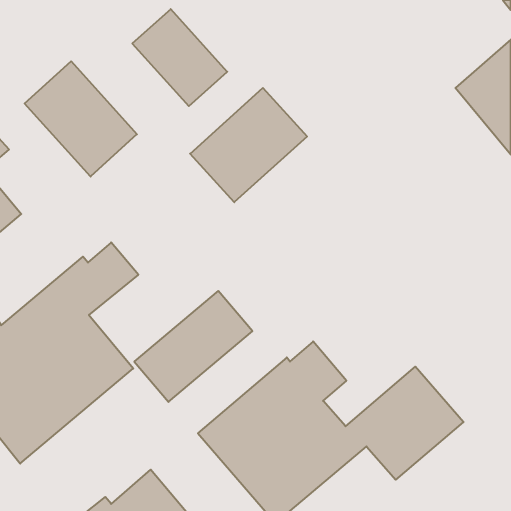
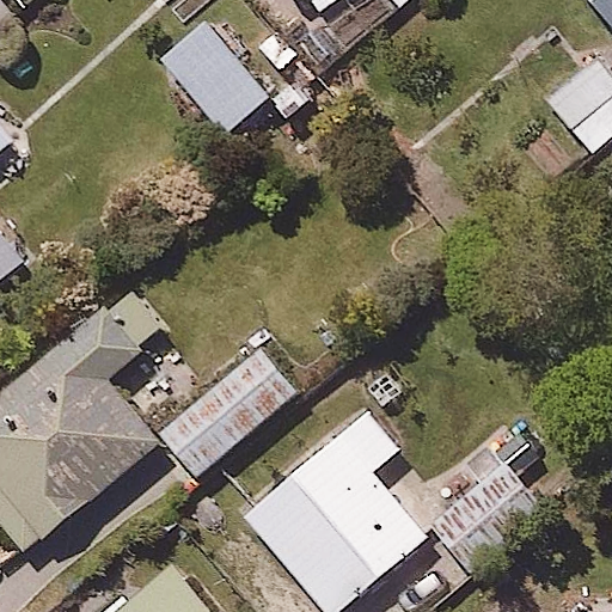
building: [25,61,137,177] -> none
building: [190,88,307,202] -> none

